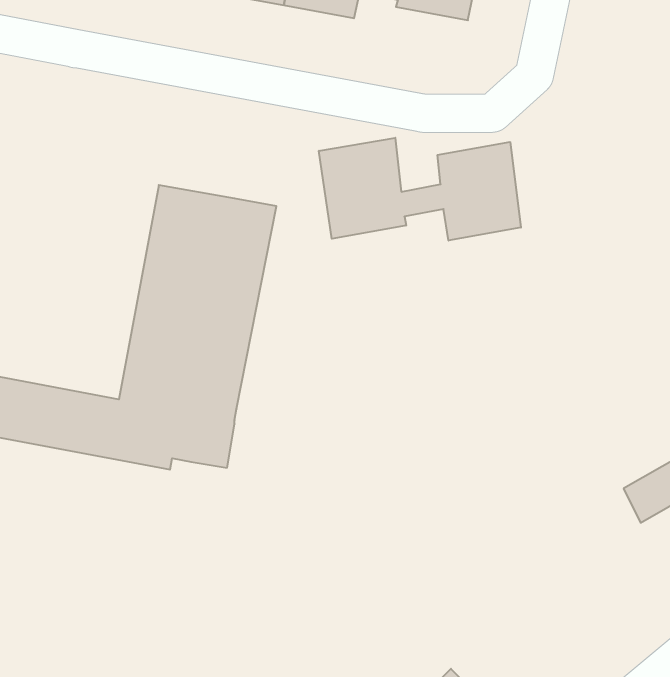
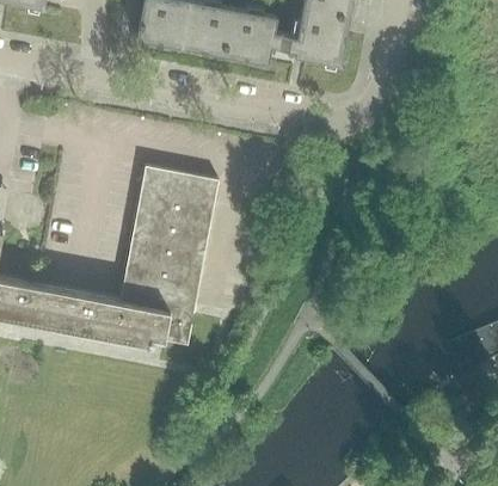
building: [319,138,521,241] -> none

